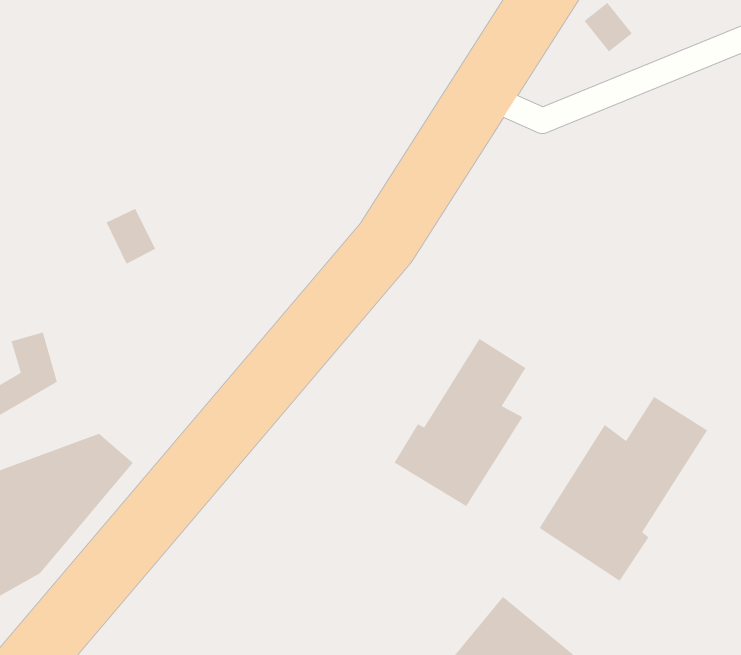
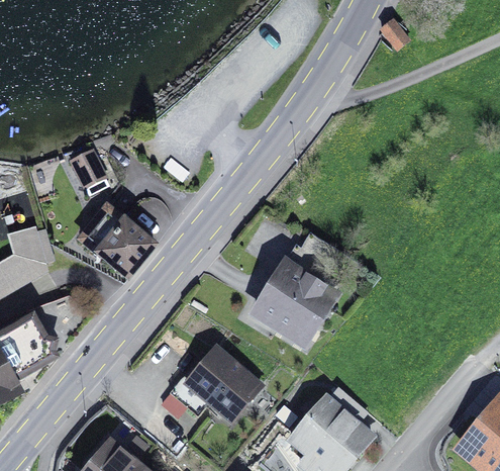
building: none -> [80,206,154,277]
building: [538,396,708,582] -> none
building: none -> [170,349,259,418]

